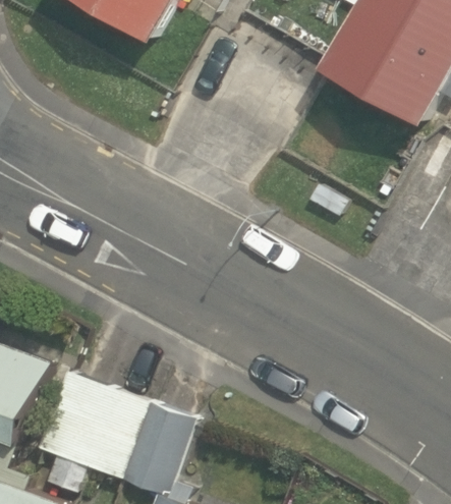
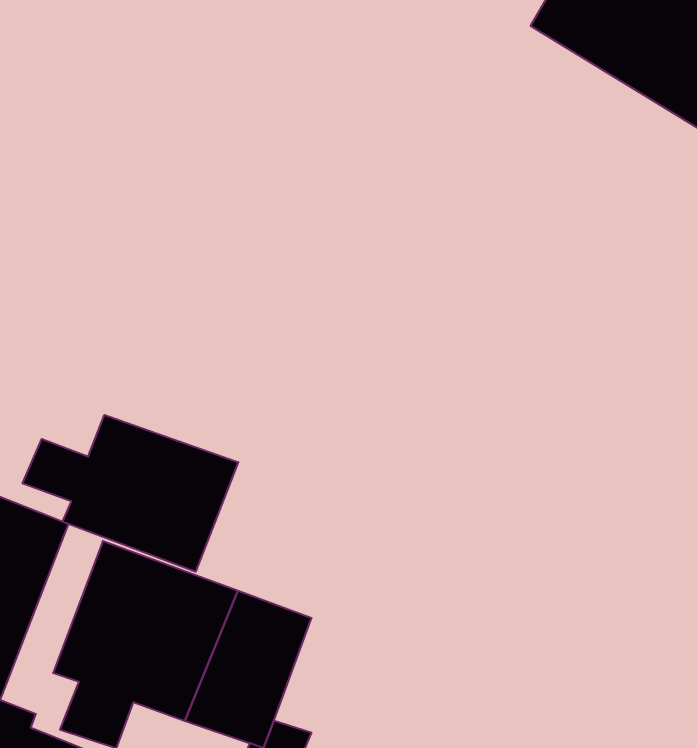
building: none -> [23,415,238,572]

